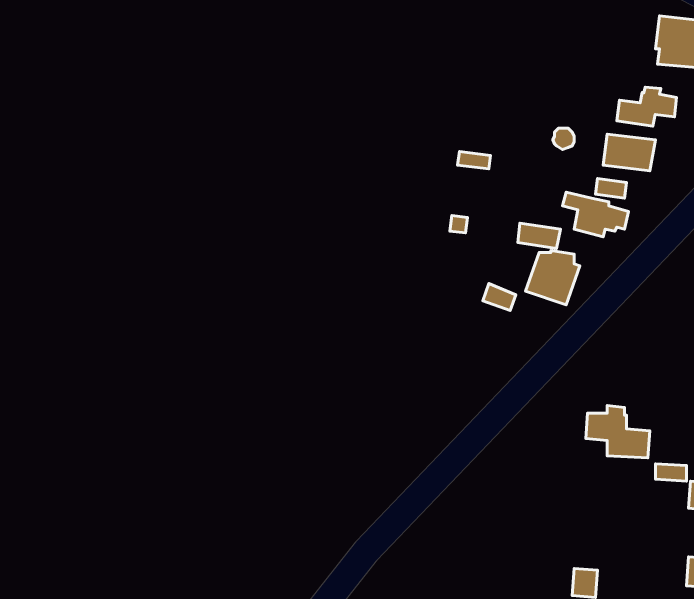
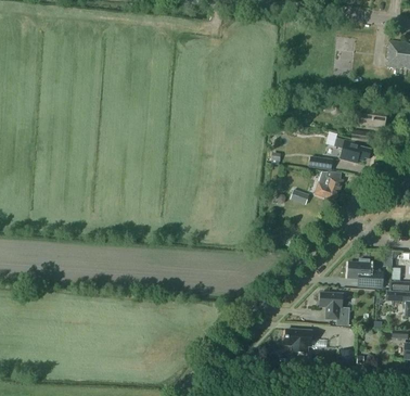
building: [617,87,677,126] -> none
building: none -> [320,292,349,325]
building: none -> [284,329,311,353]

